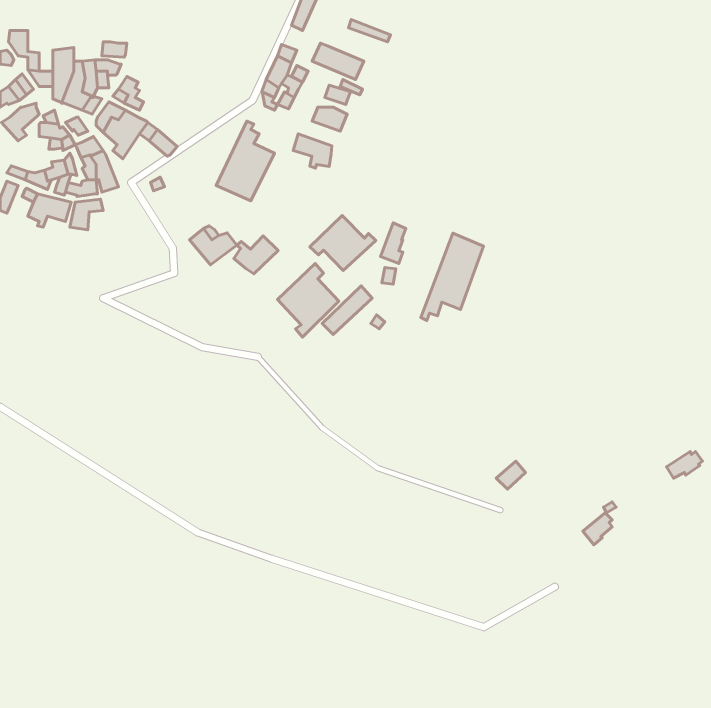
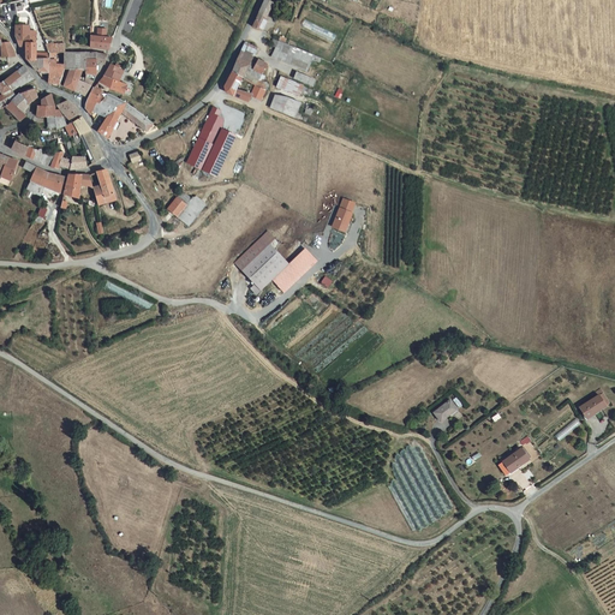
building: [293,134,332,168] -> none
building: none -> [91,168,115,204]
building: [310,216,376,270] -> none
building: [421,233,483,321] -> none
building: [234,236,278,274] -> none

